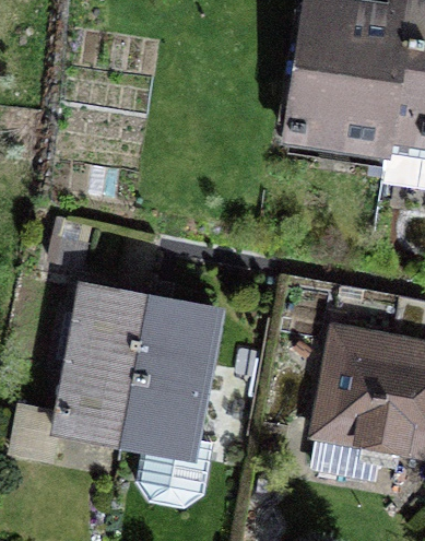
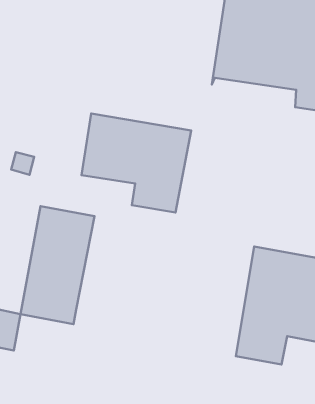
building: none -> [81,114,191,213]
building: [119,294,211,504] -> none

